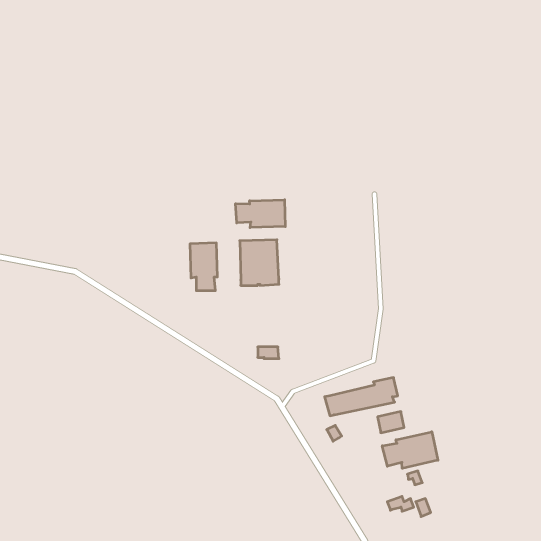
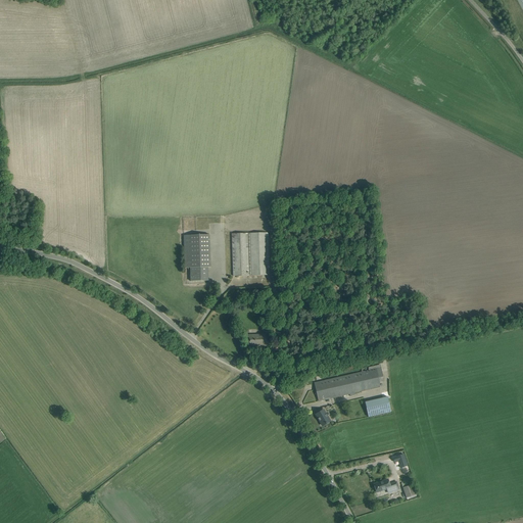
building: [236,200,285,228] -> none
building: [382,432,438,468] -> none

